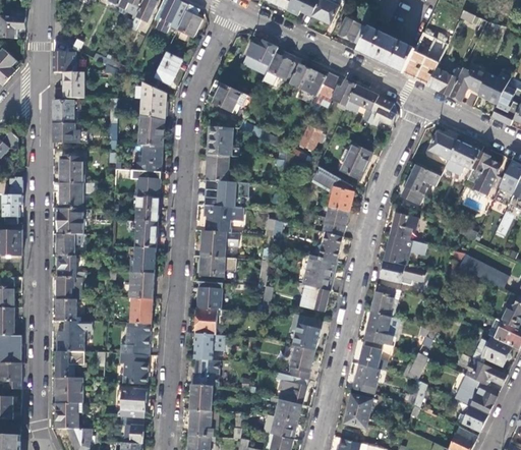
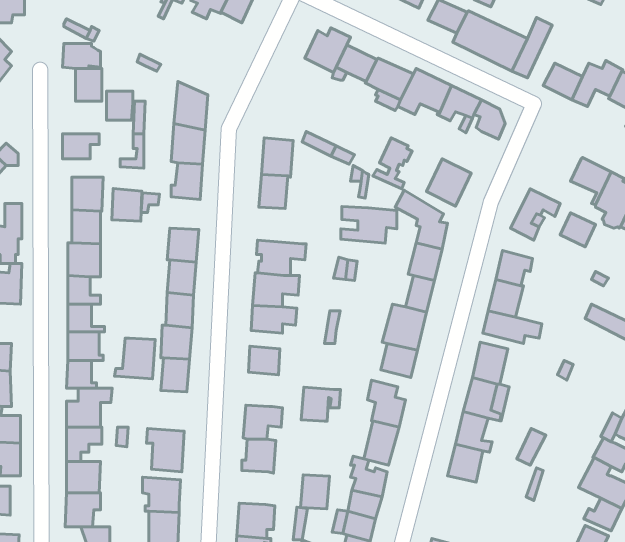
building: [414,38,447,85] -> none
building: [154,52,181,83] -> none
building: [208,79,253,113] -> none
building: [53,100,73,122] -> [107,91,133,120]
building: [428,132,456,159] -> [560,213,596,247]
building: [136,171,160,196] -> [112,188,142,221]
building: [205,179,248,208] -> [341,207,397,243]
building: [195,307,226,334] -> [301,387,340,421]
building: [118,322,150,353] -> [115,338,155,379]
building: [190,384,213,410] -> [301,475,329,509]
building: [344,393,372,428] -> none

